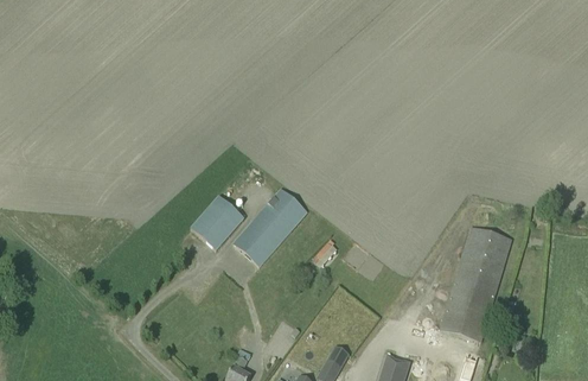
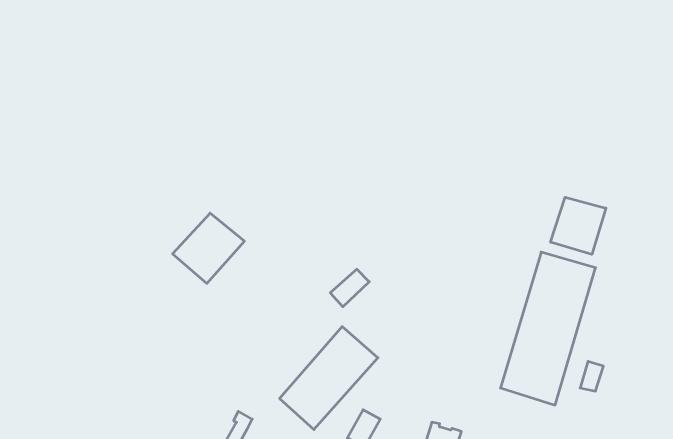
building: none -> [551,197,606,254]
building: [232,188,307,266] -> [280,327,378,430]

